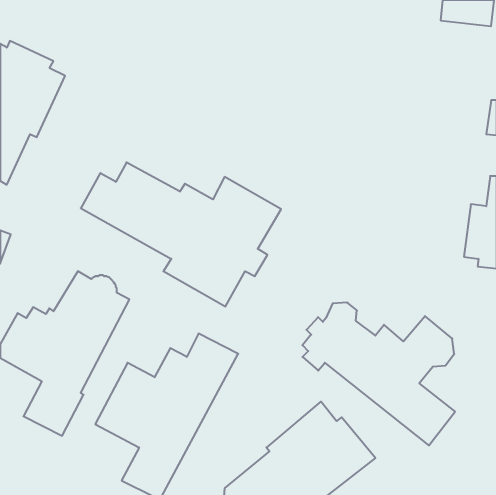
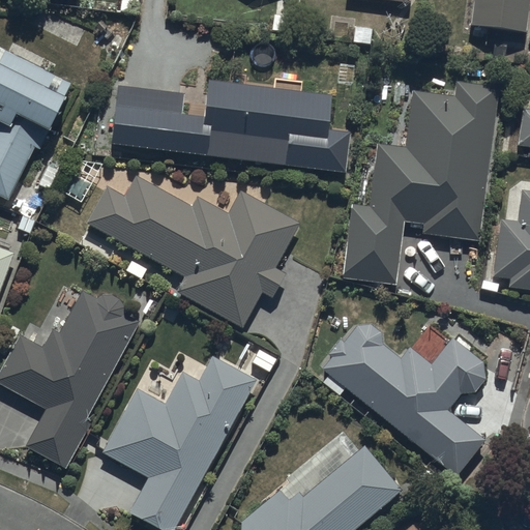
building: none -> [111,80,350,171]
building: none -> [343,80,497,285]

